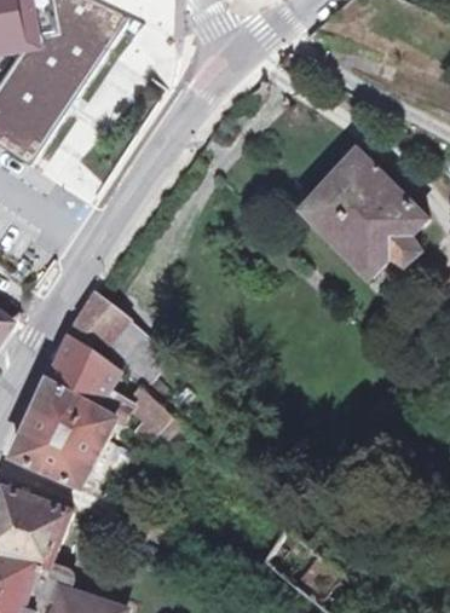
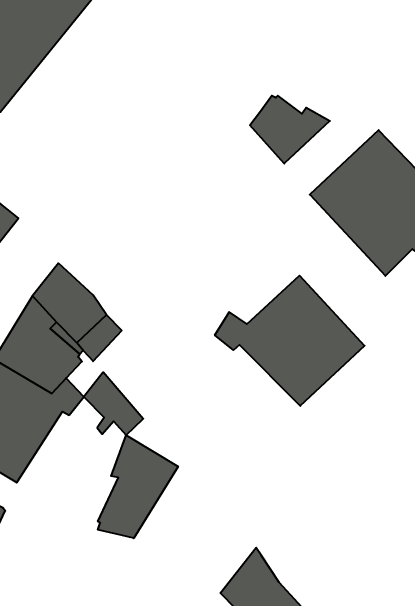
building: none -> [250,96,330,164]
building: none -> [215,276,365,406]
building: none -> [98,435,178,538]

